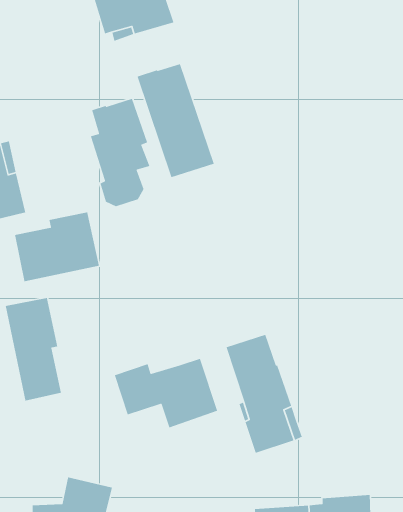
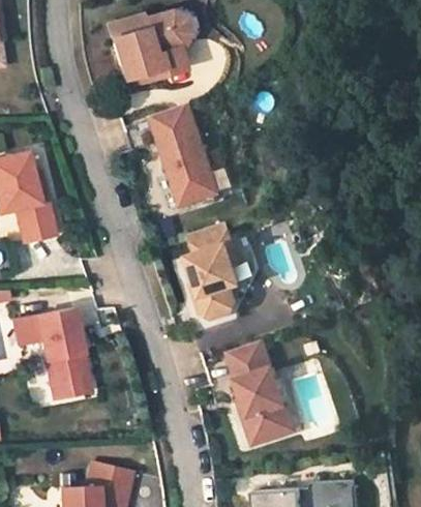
building: [90,98,150,207] -> [188,222,241,318]
building: [14,211,100,282] -> none
building: [114,358,218,428] -> none

